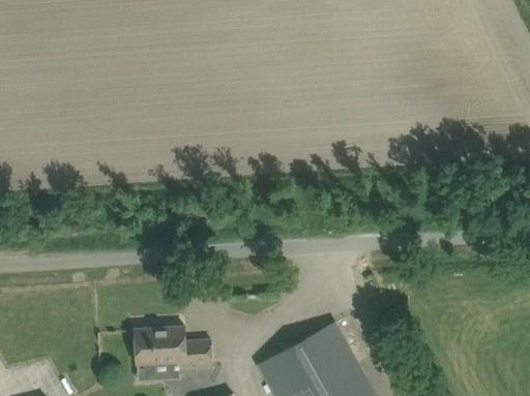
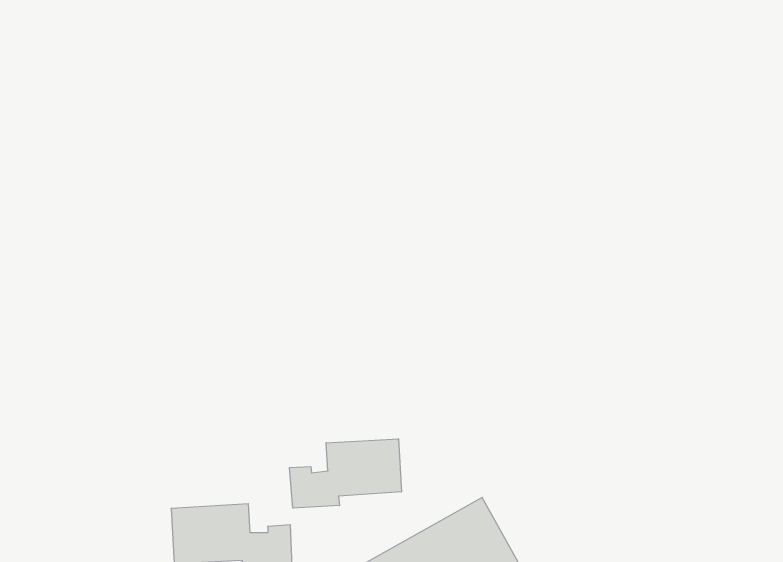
building: none -> [290,439,401,508]

